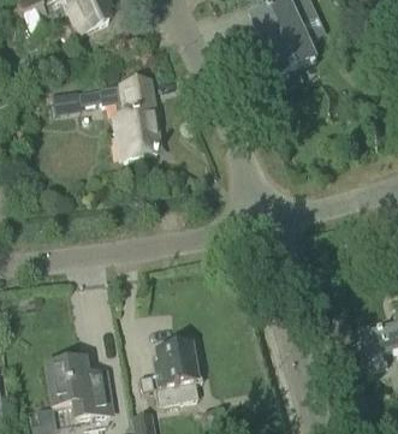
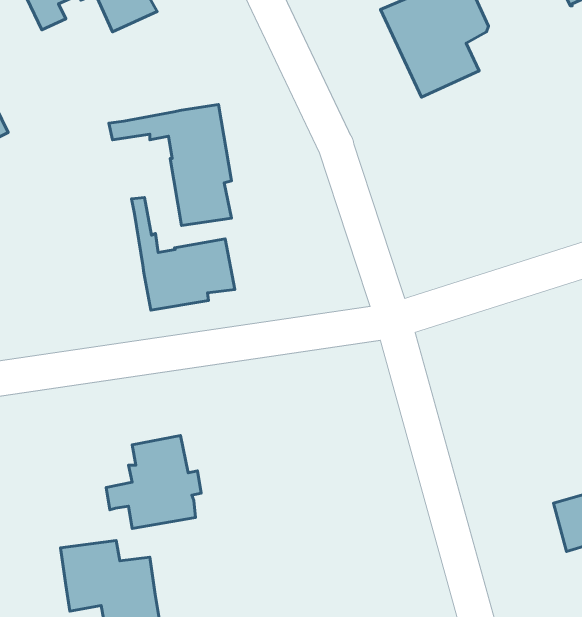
building: none -> [132,198,235,310]
building: [139,343,201,403] -> [106,435,201,529]

